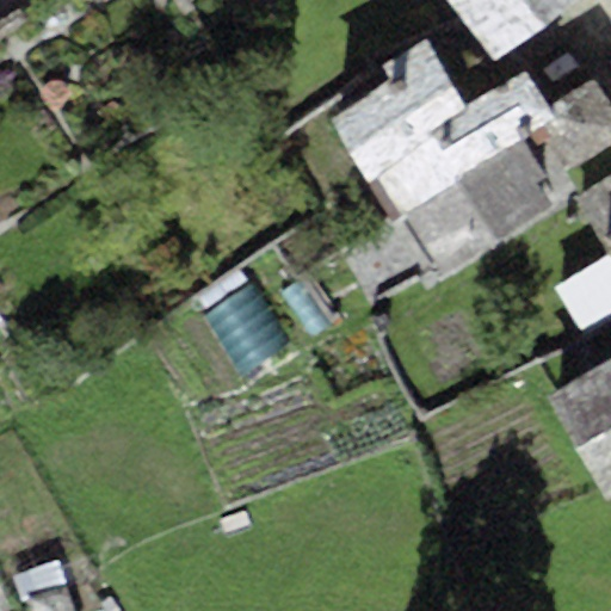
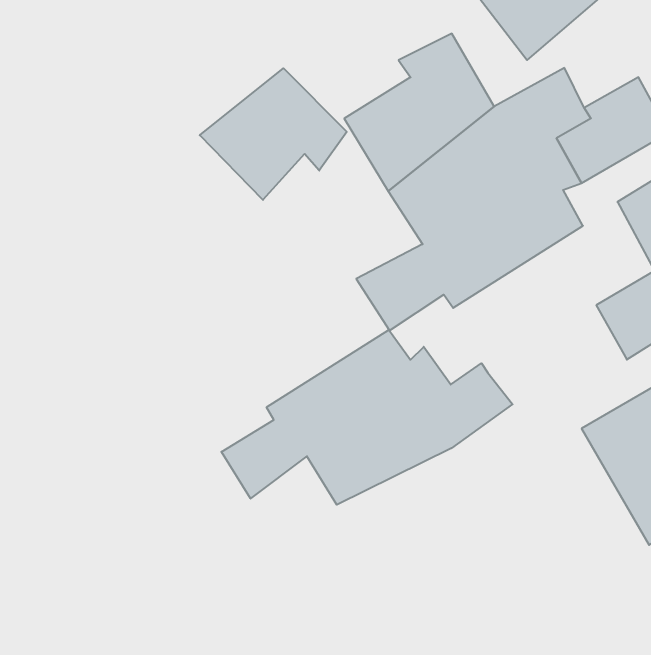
building: none -> [200,68,347,200]
building: none -> [221,330,513,505]

